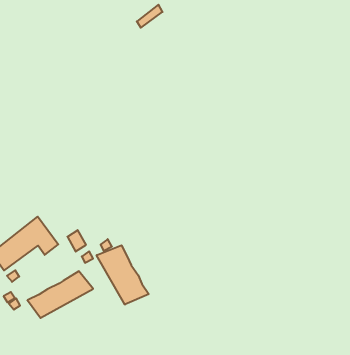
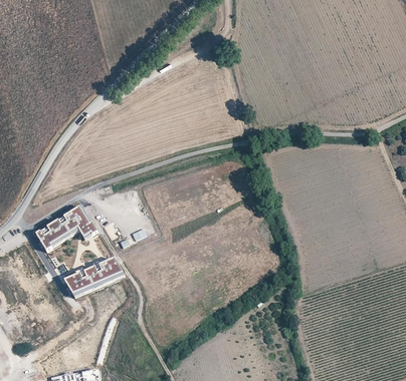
building: [97,245,149,305] -> none

